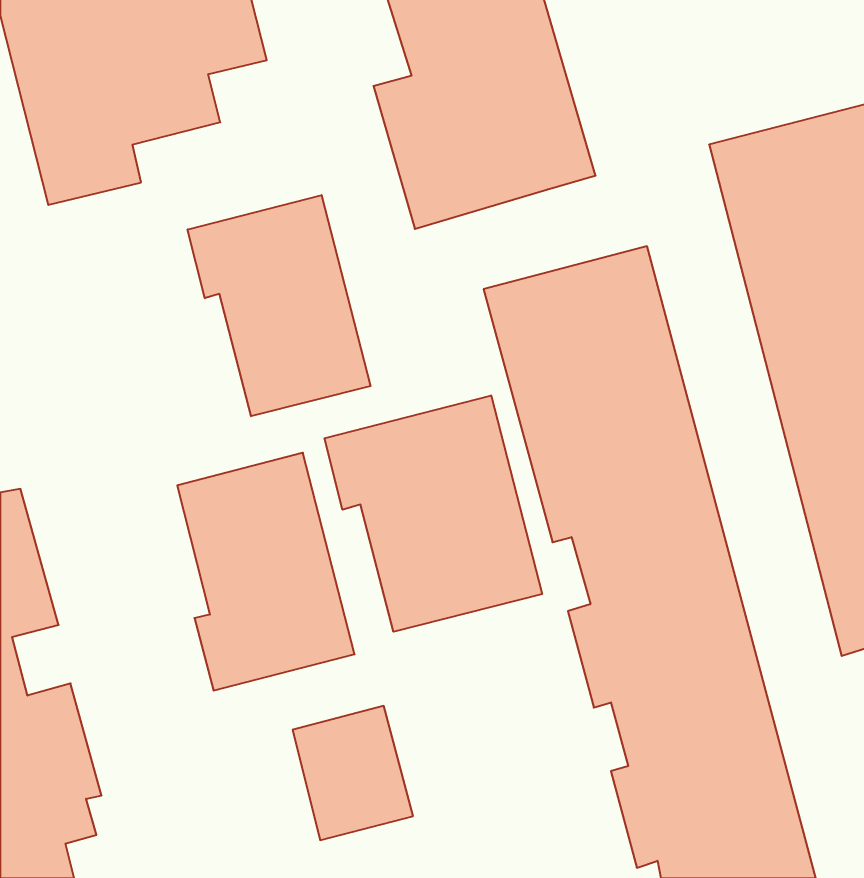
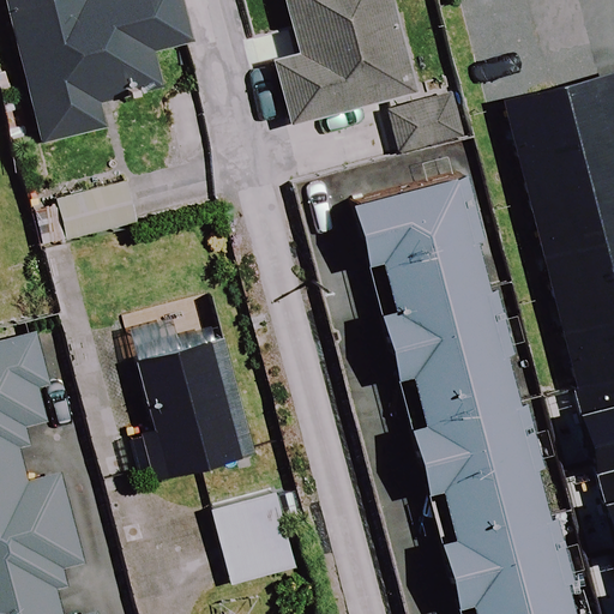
building: [188,195,371,416] -> none
building: [325,395,542,632] -> none

